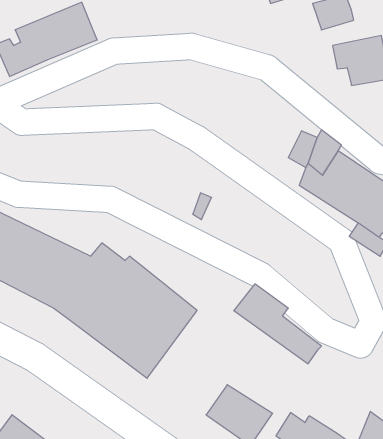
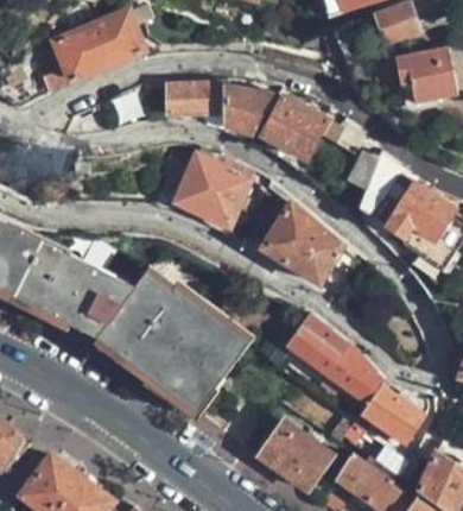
building: none -> [166,84,277,134]
building: none -> [262,96,342,158]
building: none -> [172,145,250,227]
building: none -> [261,203,342,284]
building: none -> [362,384,420,441]

